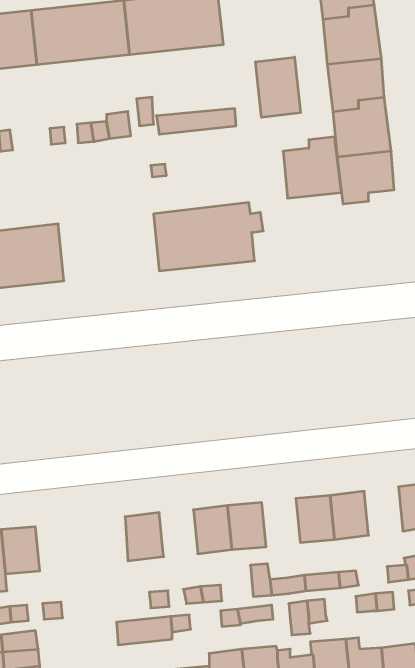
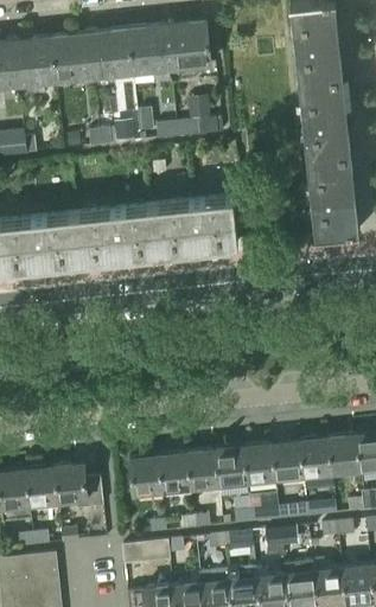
building: [256,57,300,117] -> none
building: [283,137,342,198] -> [311,186,359,237]
building: none -> [74,206,158,262]
building: none -> [329,434,361,474]
building: none -> [243,443,275,484]
building: none -> [158,453,190,492]
building: none -> [55,464,103,510]

